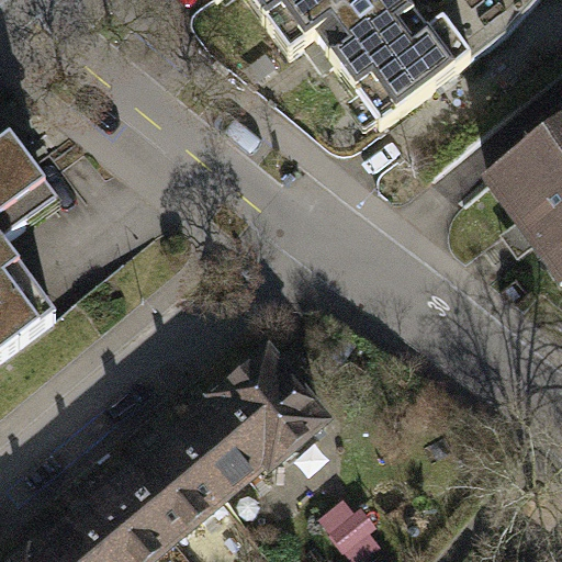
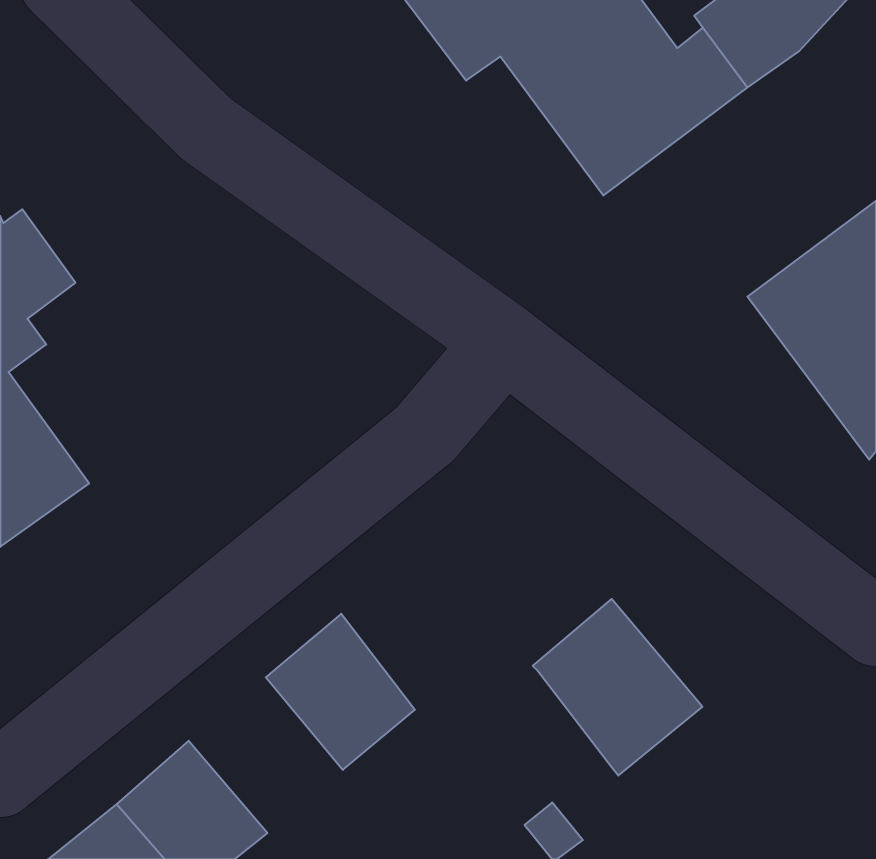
building: [215,347,324,460] -> [533,599,702,776]
building: [121,434,220,533] -> none

